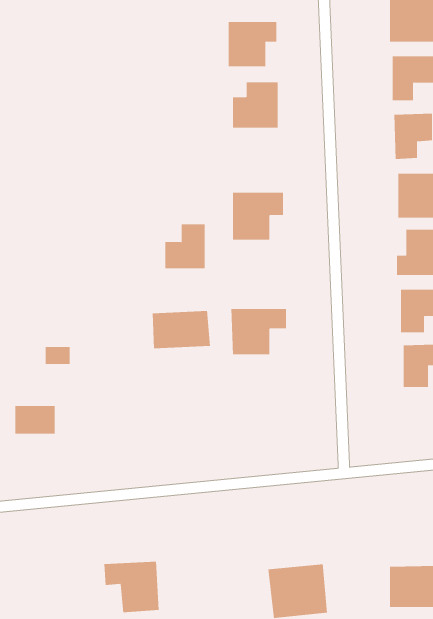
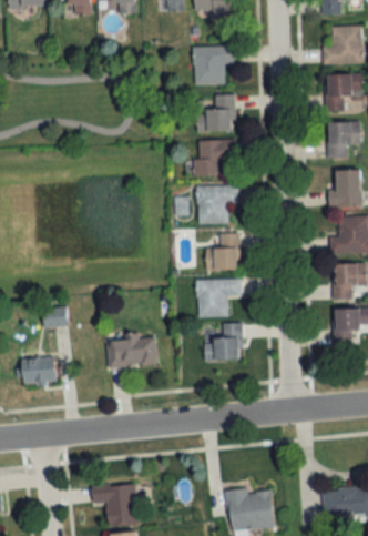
building: none -> [194,140,235,175]
building: [164,224,205,269] -> [205,234,238,271]
building: [152,311,211,349] -> [109,335,156,366]
building: none -> [203,325,242,360]

